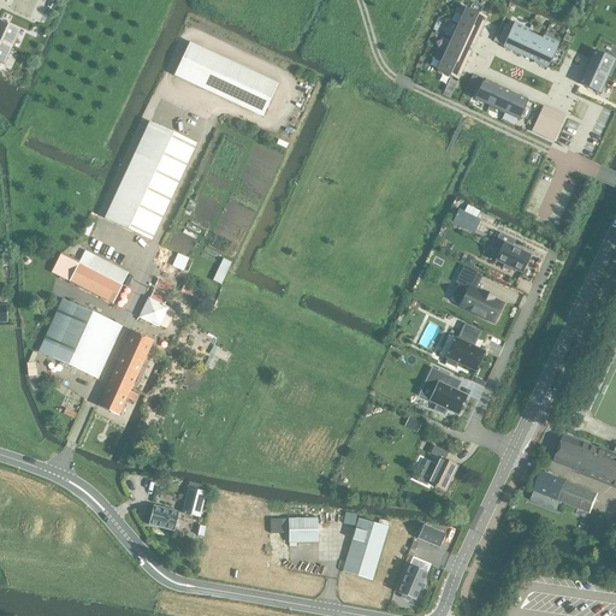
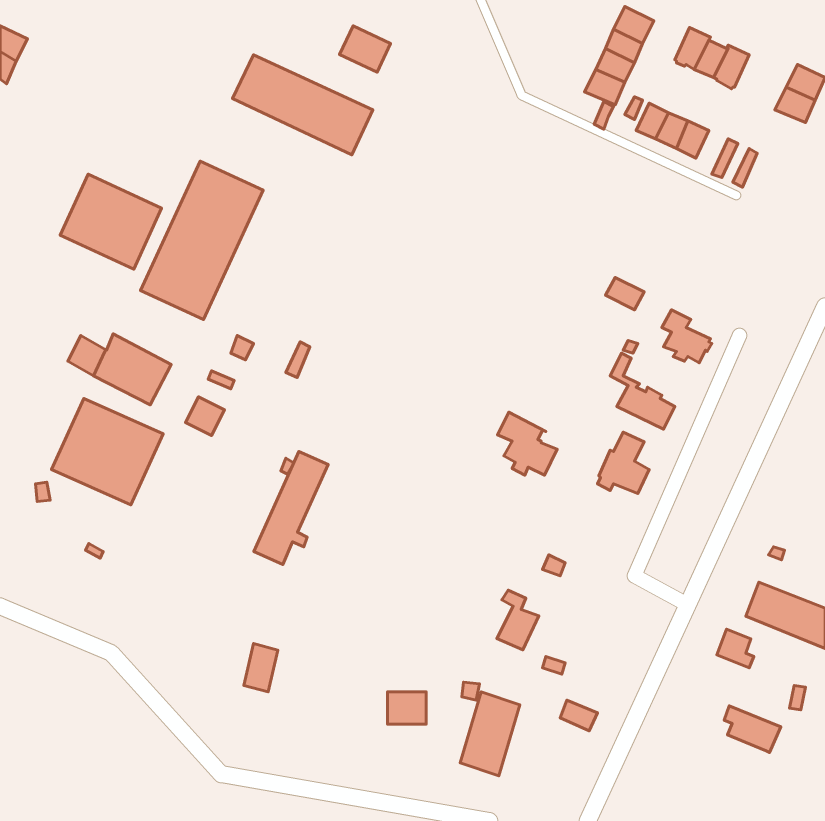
building: none -> [340,26,391,72]
building: none -> [60,174,162,269]
building: [97,328,153,413] -> [254,452,328,564]
building: [424,366,468,413] -> [498,412,557,475]
building: [426,444,457,488] -> [497,590,539,650]
building: [556,476,598,511] -> [724,706,781,752]
building: [148,503,179,529] -> none
building: [399,563,430,599] -> none

